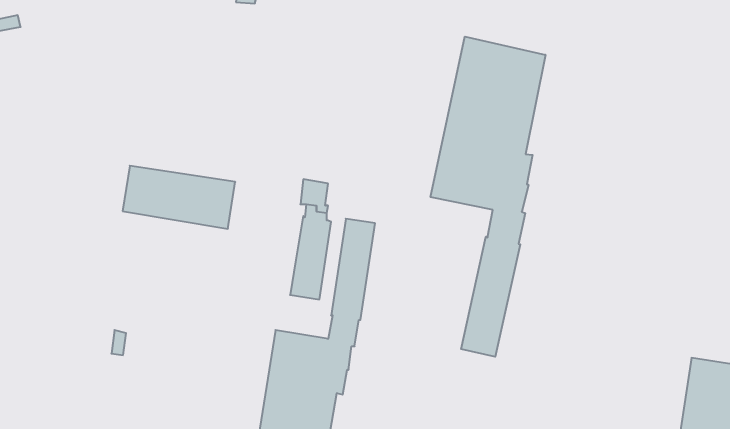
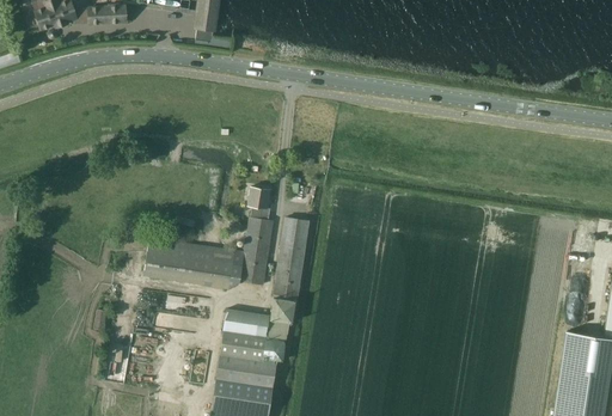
building: [431,37,545,357] -> none
building: [123,166,235,229] -> [143,237,235,288]

